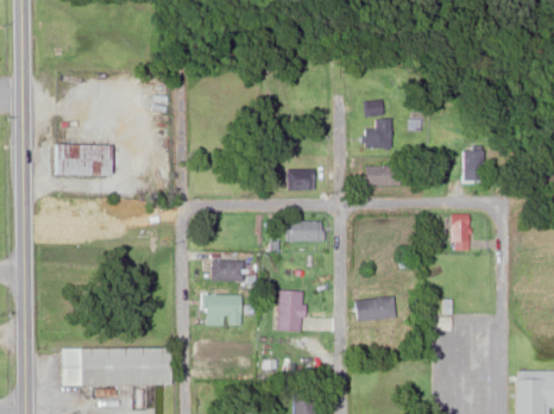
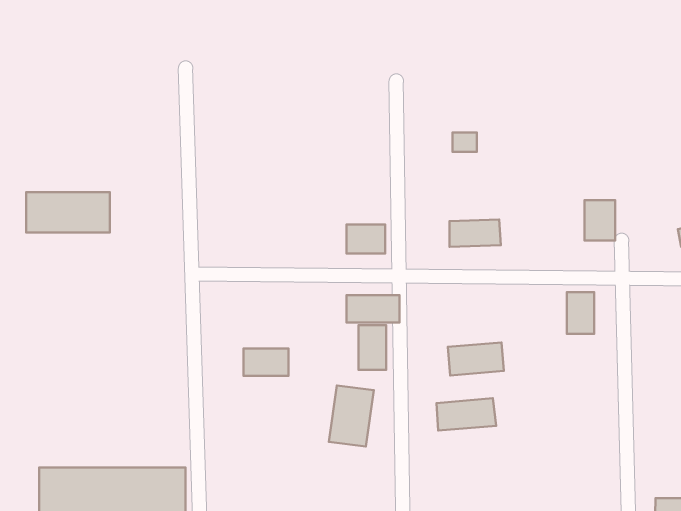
building: [363,119,395,148] -> none
building: none -> [359,325,386,370]
building: none -> [448,342,504,375]
building: [206,295,243,326] -> none

